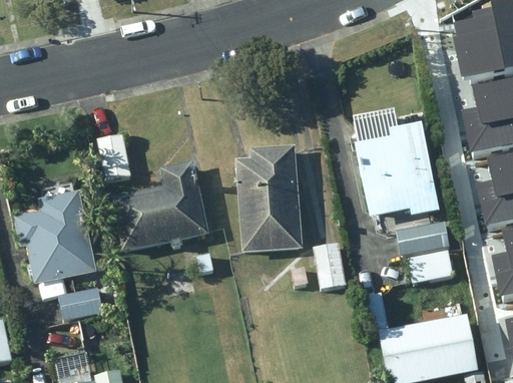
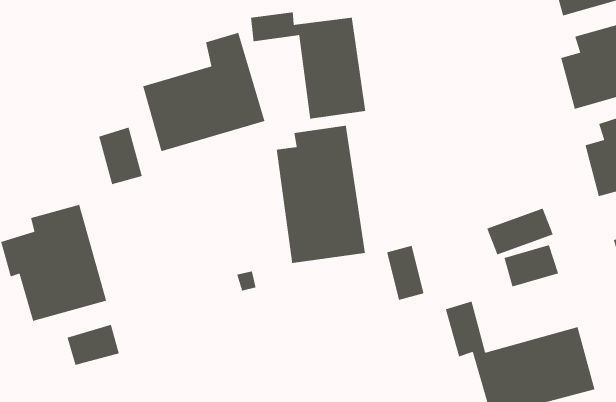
building: none -> [250,11,366,119]
building: [354,123,439,218] -> none
building: [111,160,206,251] -> [142,32,265,152]

